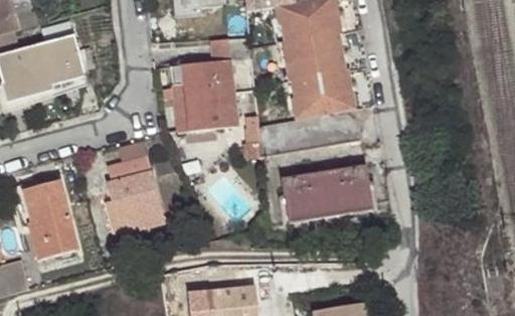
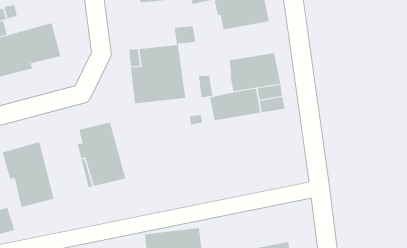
building: [279,31,345,80] -> none
building: [282,165,372,221] -> none

